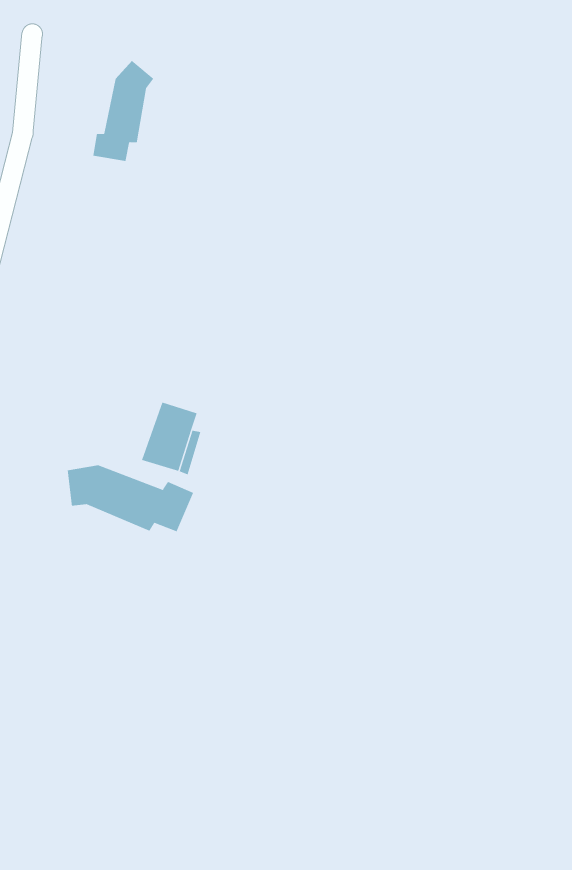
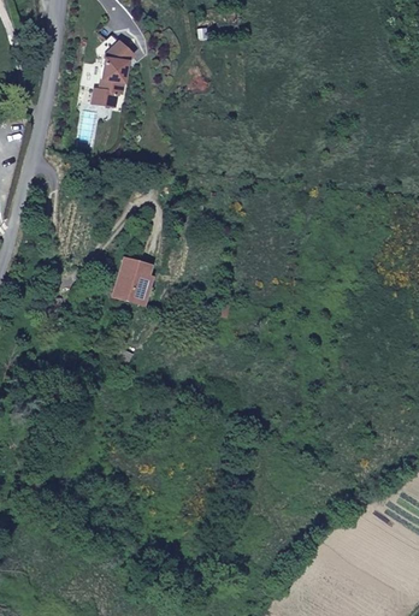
building: [67,464,194,532] -> none

